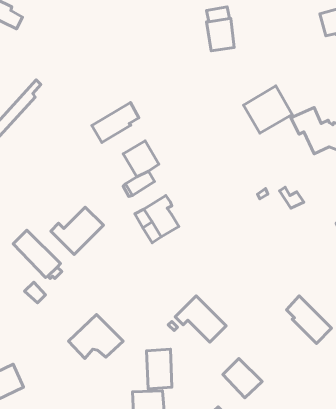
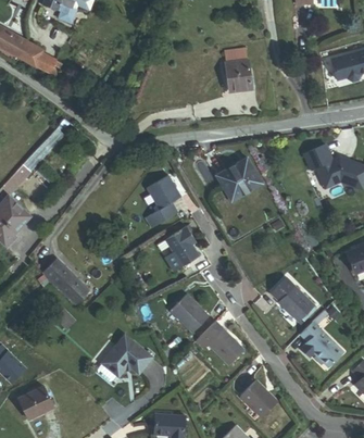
building: [244,86,292,133] -> [216,157,262,201]
building: [92,102,139,142] -> none
building: [51,207,103,255] -> none
building: none -> [272,277,314,321]
building: none -> [170,293,209,331]
building: [147,349,172,389] -> none

